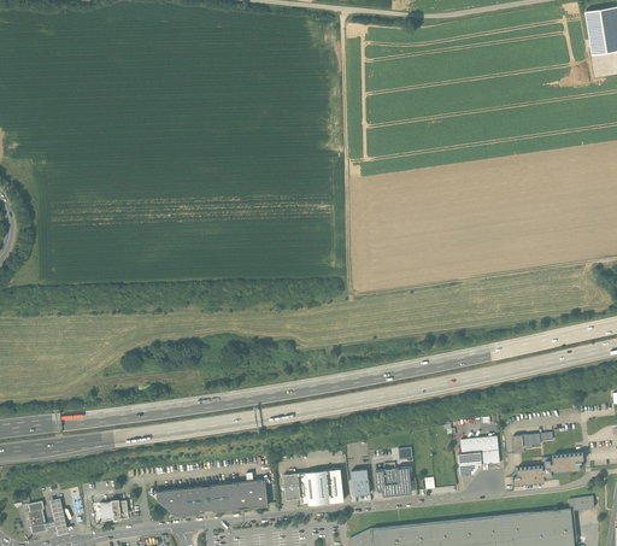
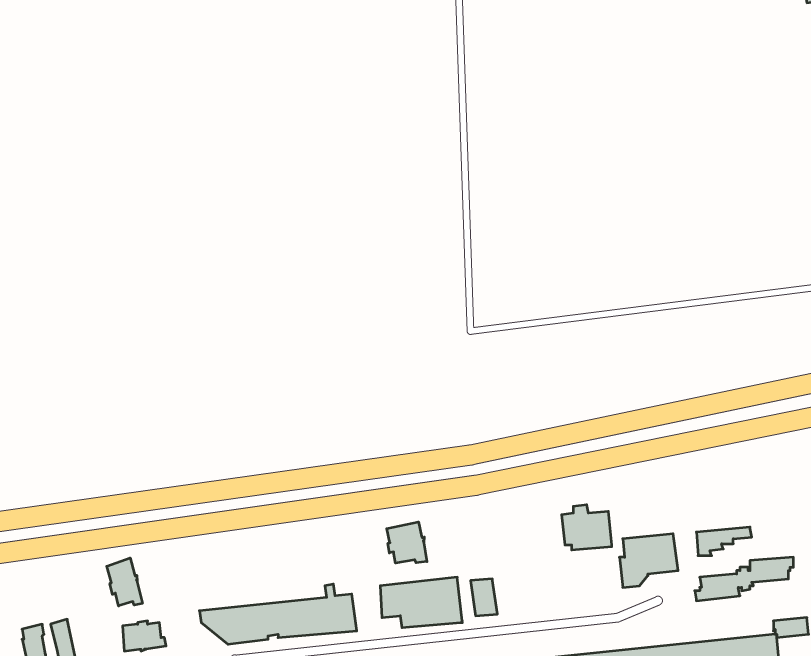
building: none -> [387,522,427,563]
building: none -> [107,558,142,606]
building: [375,463,411,495] -> [562,505,612,550]

